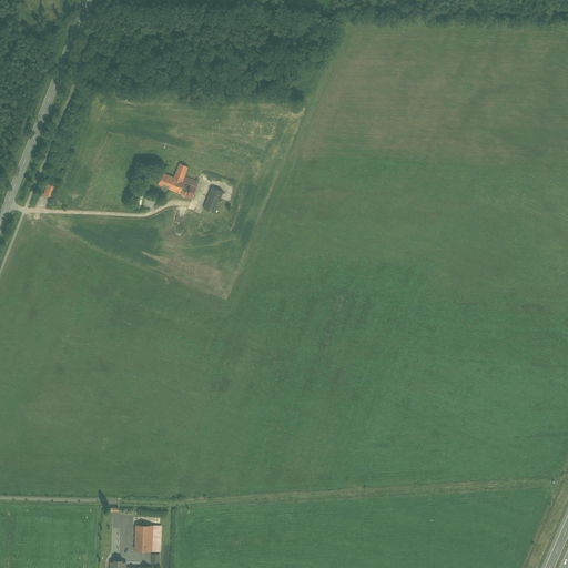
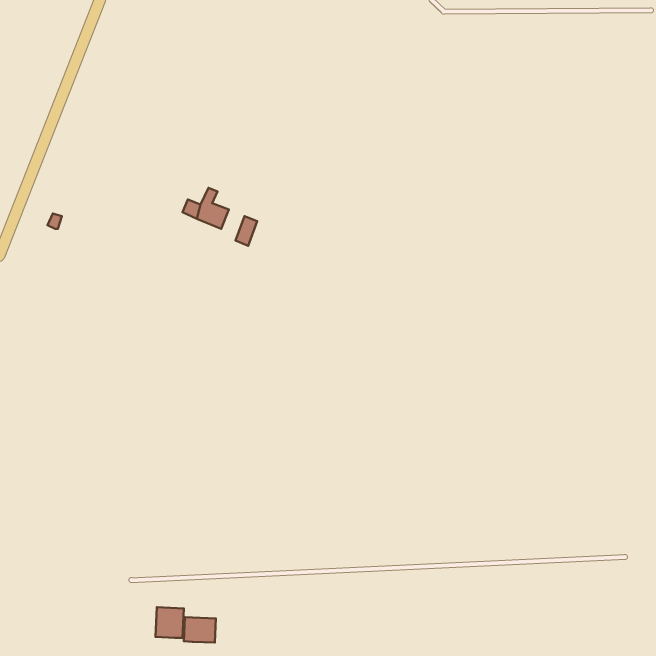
building: none -> [184,617,216,642]

